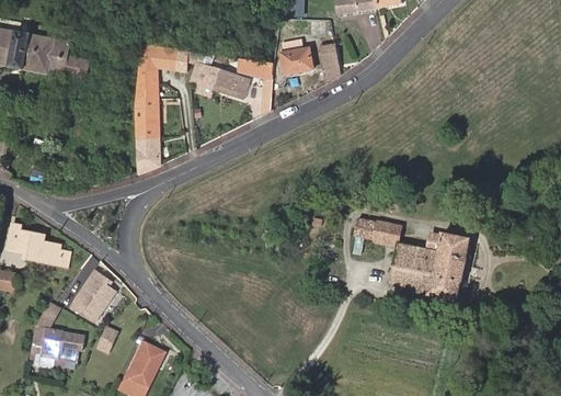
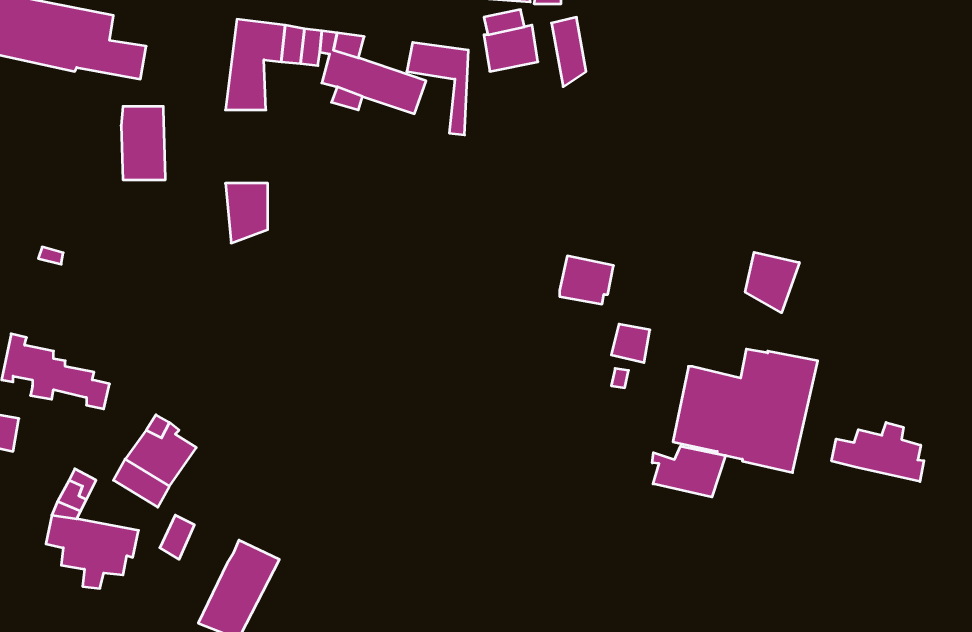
building: [134,95,159,137] -> [121,106,165,180]
building: none -> [745,252,799,313]
building: [373,219,403,247] -> [560,256,614,304]
building: none -> [832,422,924,482]
building: none -> [652,446,726,497]

